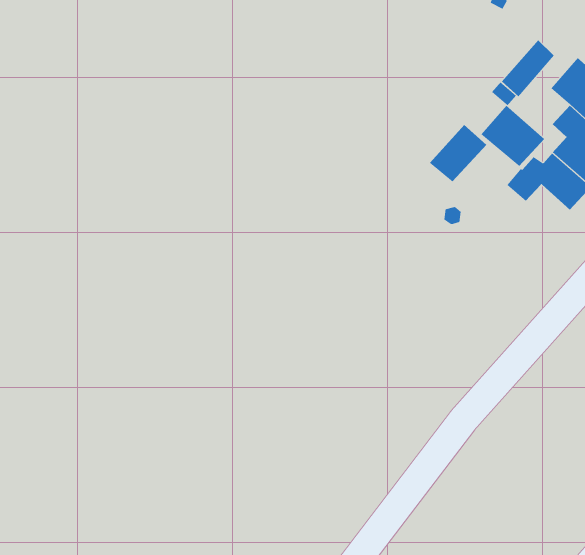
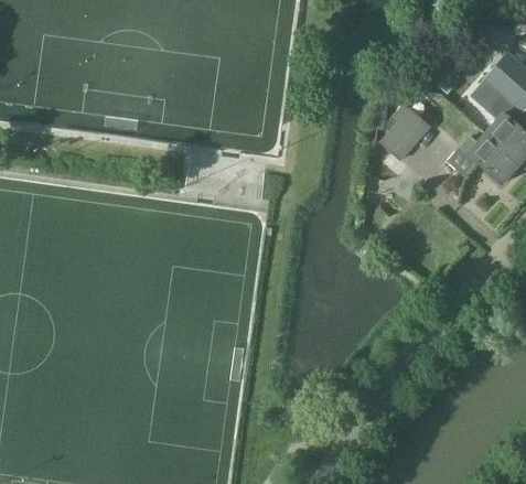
building: [501,39,554,97] -> none
building: [481,105,545,167] -> none

